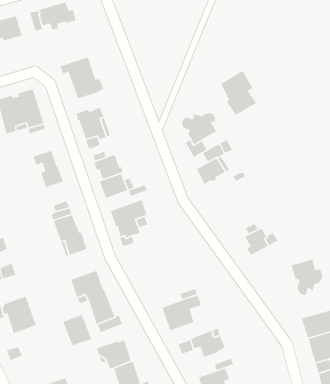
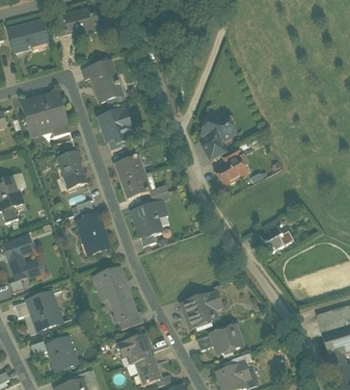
building: [220,70,257,116] -> none
building: [290,258,323,296] -> none
building: [62,314,92,346] -> [48,338,77,369]

